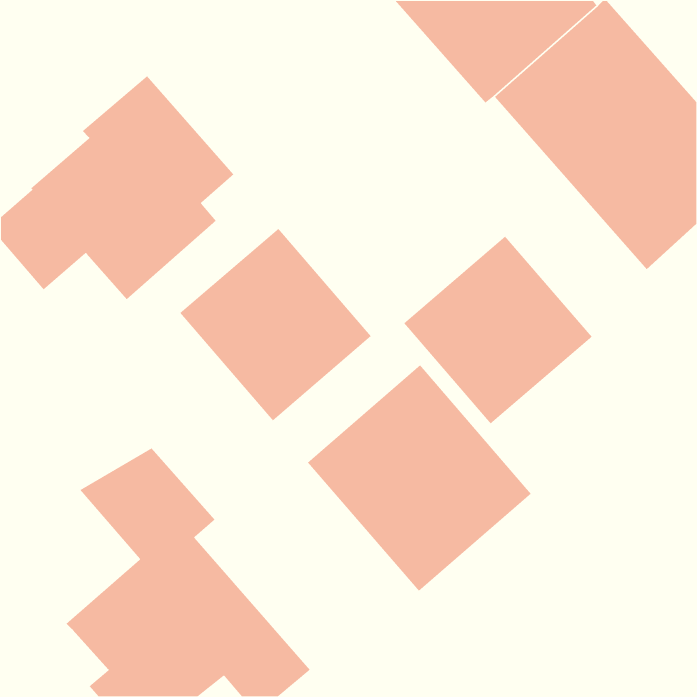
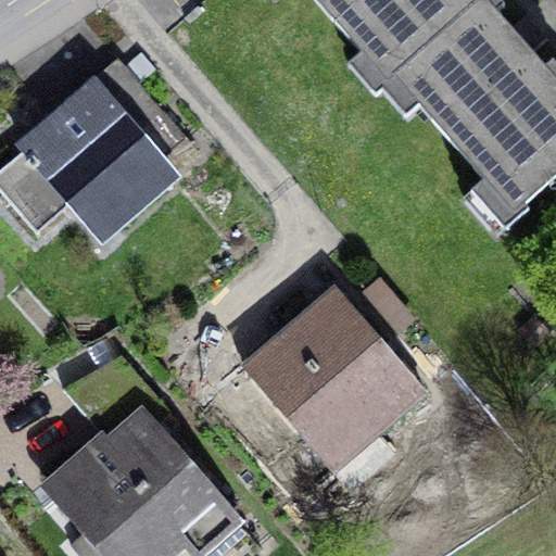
building: [179,228,372,421] -> none
building: [403,235,593,425] -> none

